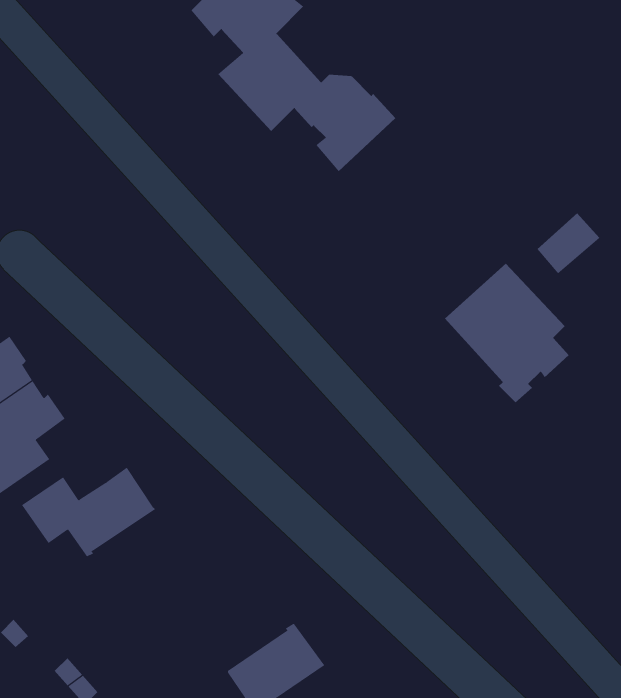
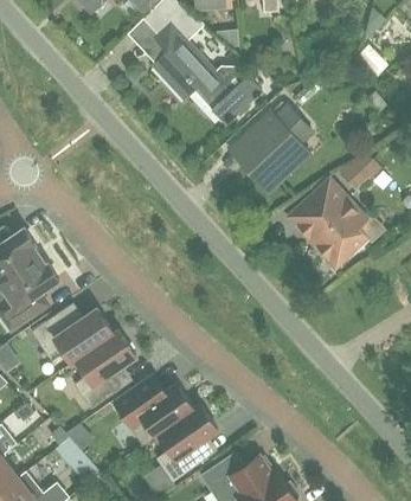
building: none -> [240,107,313,193]
building: none -> [73,329,135,409]
building: none -> [113,372,194,444]

